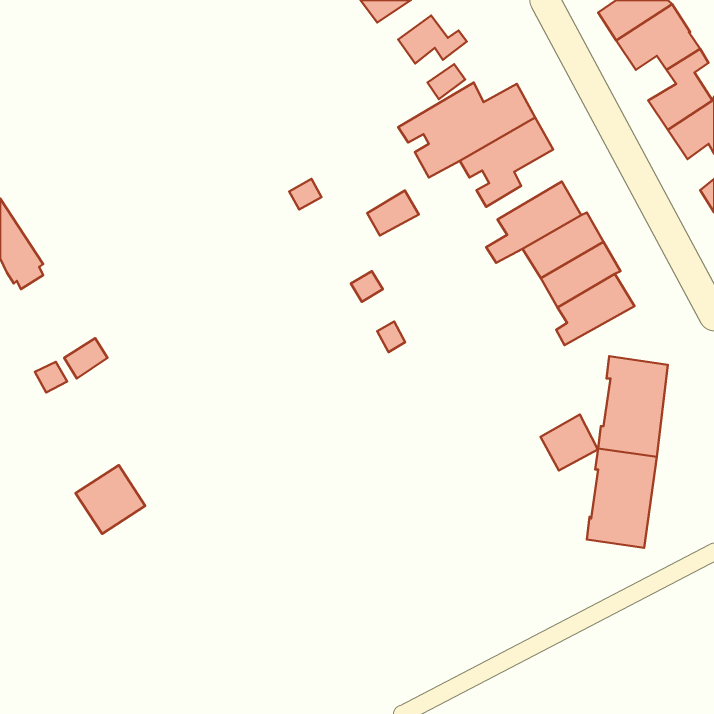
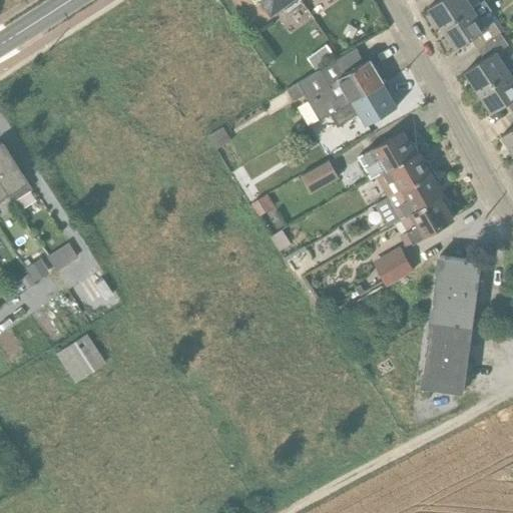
building: [398,15,467,63] -> none
building: [367,191,419,235] -> [302,161,339,193]
building: [541,415,598,470] -> [372,246,413,287]

